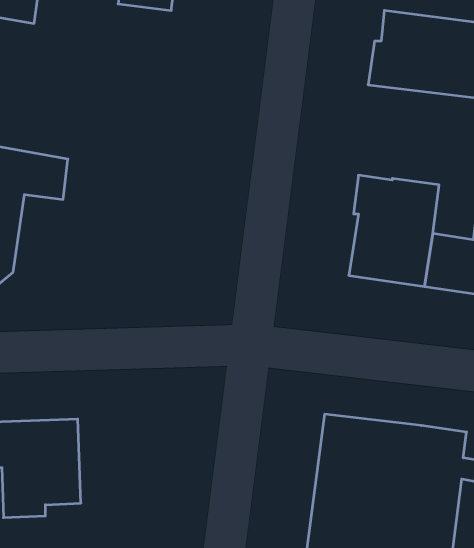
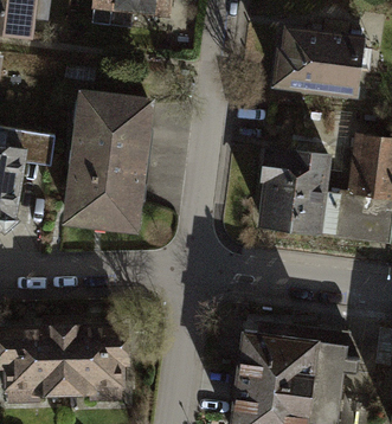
building: none -> [68,95,147,224]
building: none -> [62,327,126,398]

